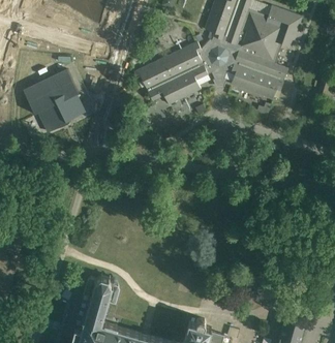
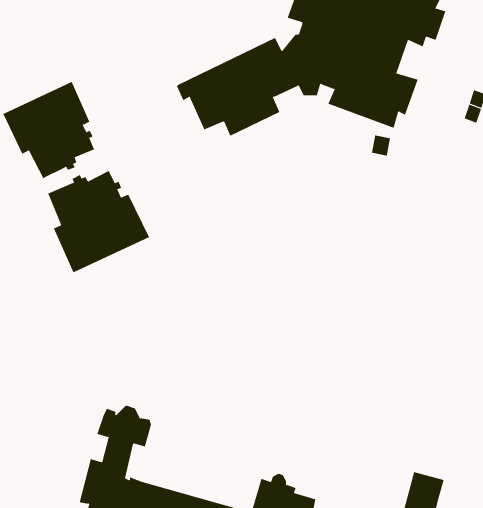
building: none -> [48,170,150,273]

